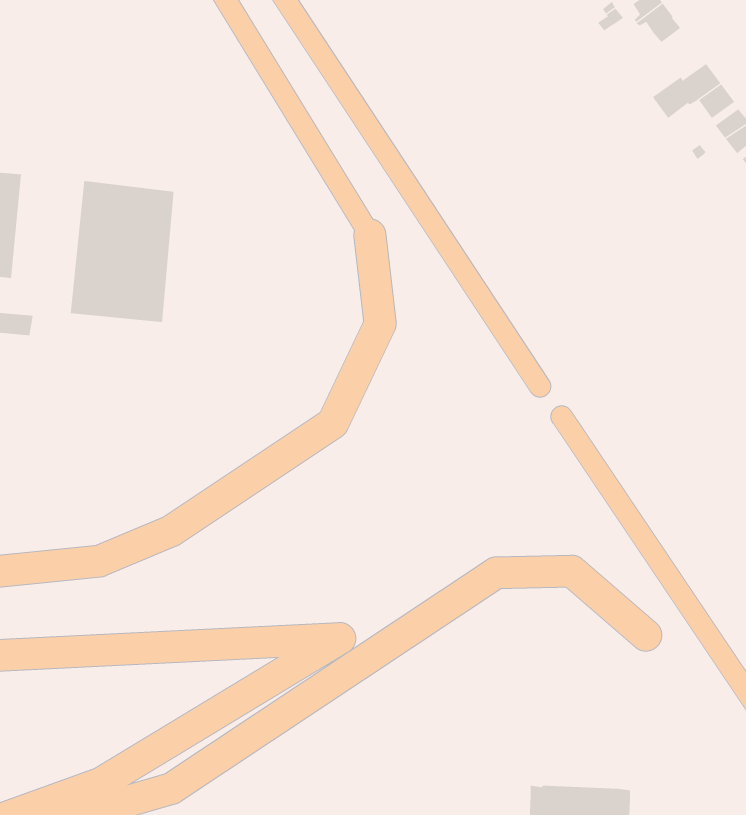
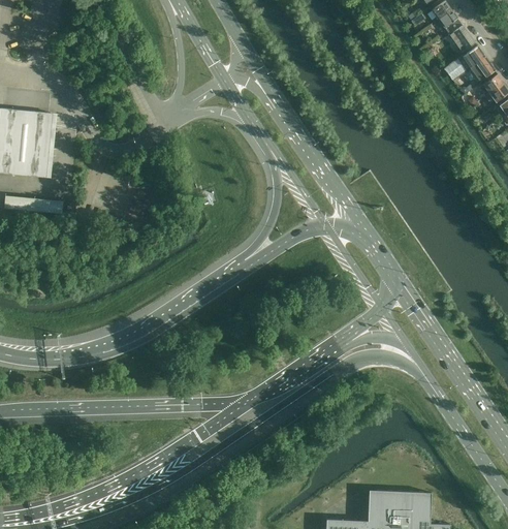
building: none -> [449,25,475,53]
building: [70,180,174,323] -> none

